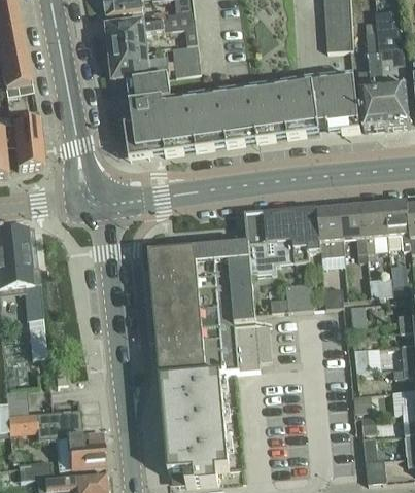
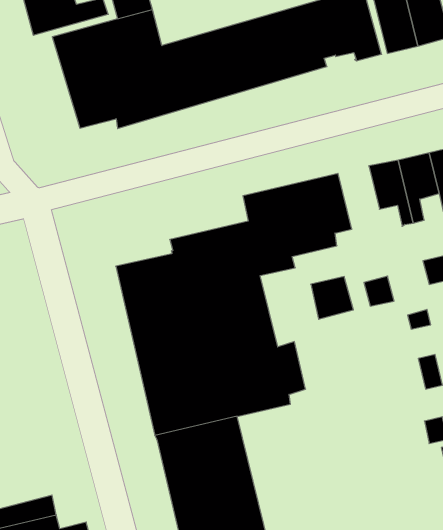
building: [316,204,343,252] -> none

